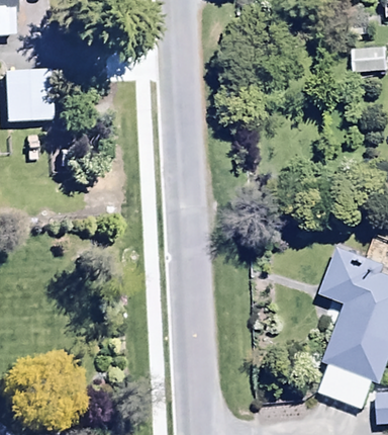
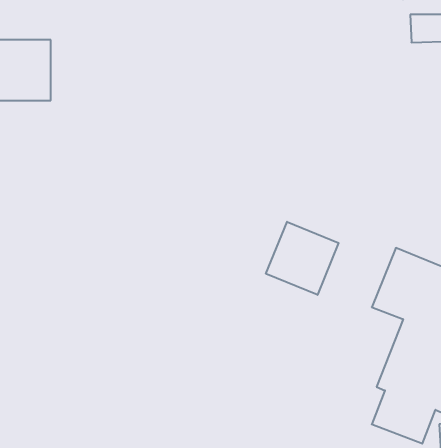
building: none -> [266,222,339,295]

